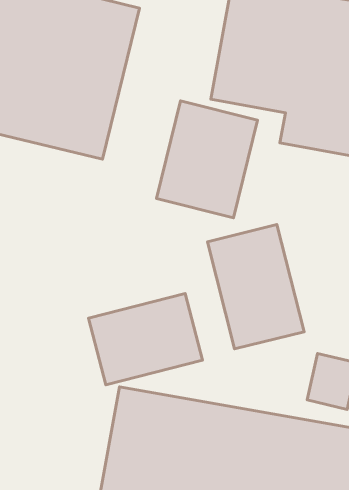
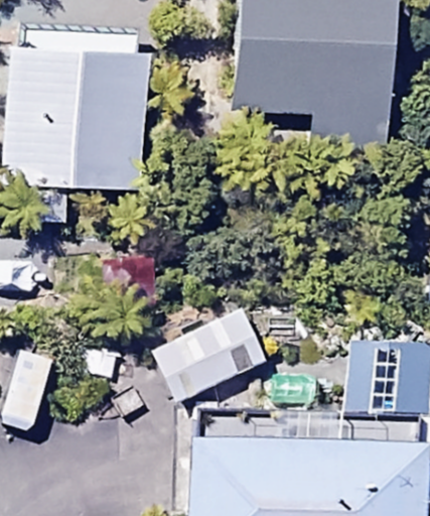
building: [156,101,258,218] -> none
building: [207,225,304,349] -> none

